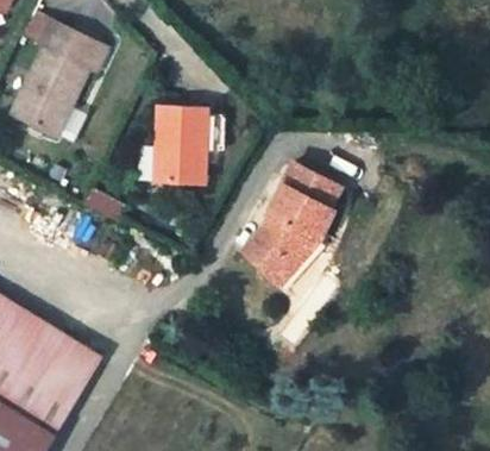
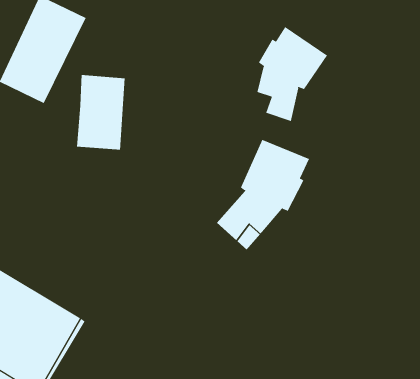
building: none -> [257,26,328,122]
building: [152,106,203,184] -> [76,75,125,150]

